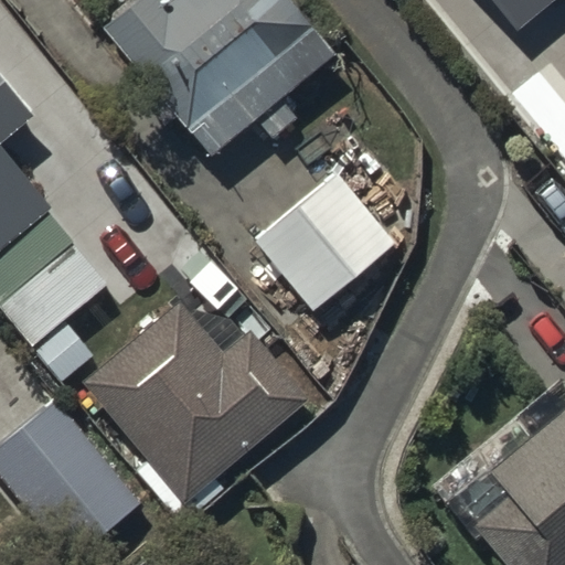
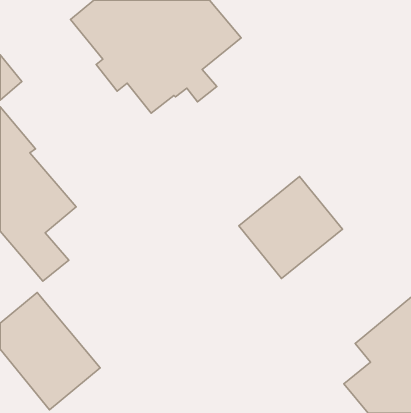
building: [254,171,395,310] -> [239,177,342,278]
building: [81,297,307,503] -> none

